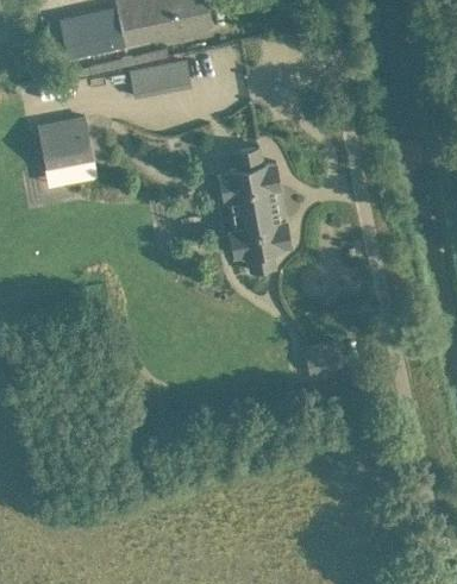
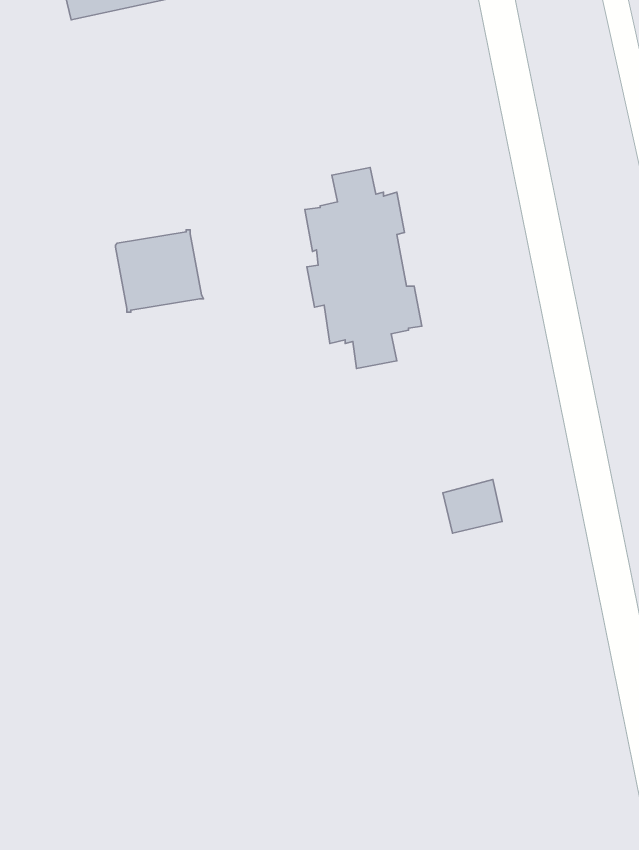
building: [132,65,190,90] -> none
building: [38,120,93,171] -> [115,230,204,312]

